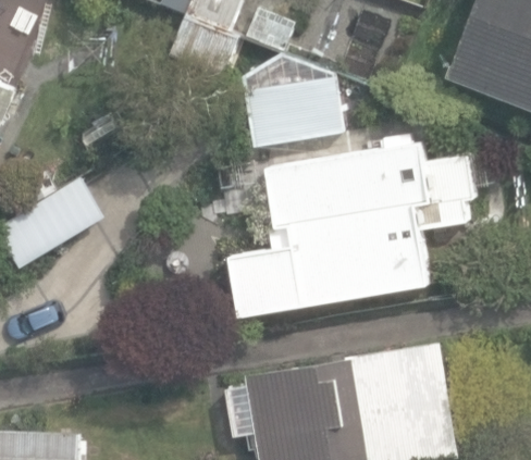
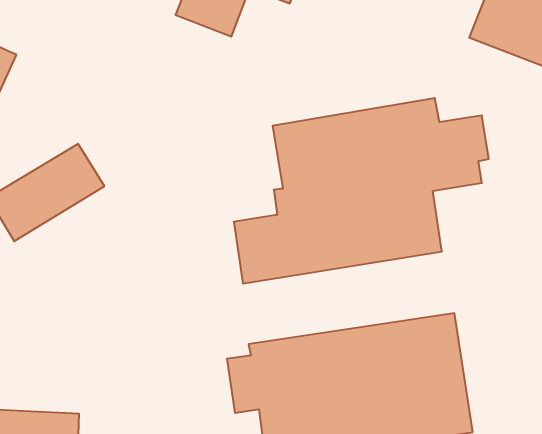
building: [240,51,342,146] -> none

